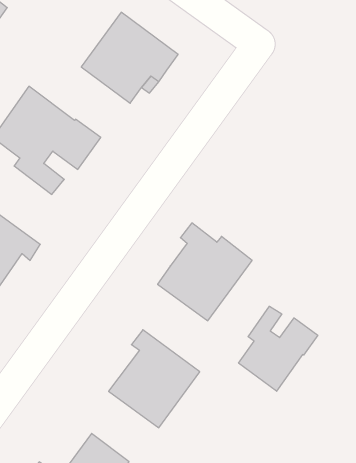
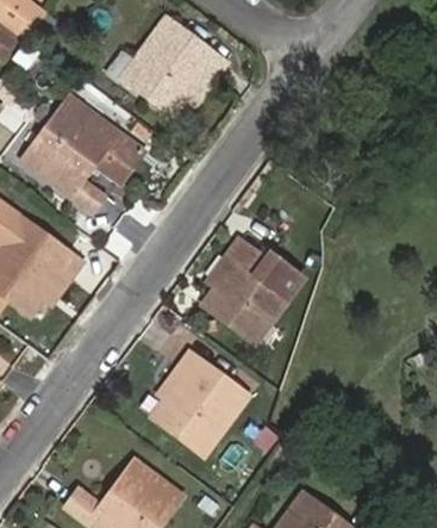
building: [239,306,318,391] -> none

